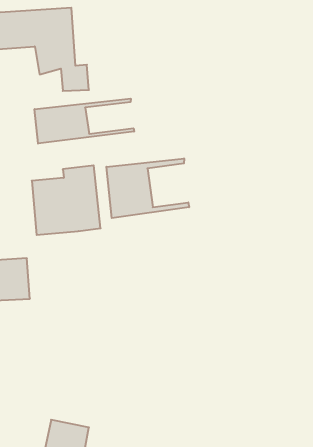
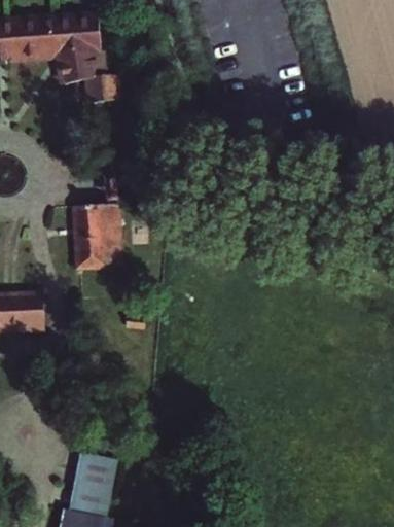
building: [35,99,134,144] -> none
building: [106,158,189,218] -> none

